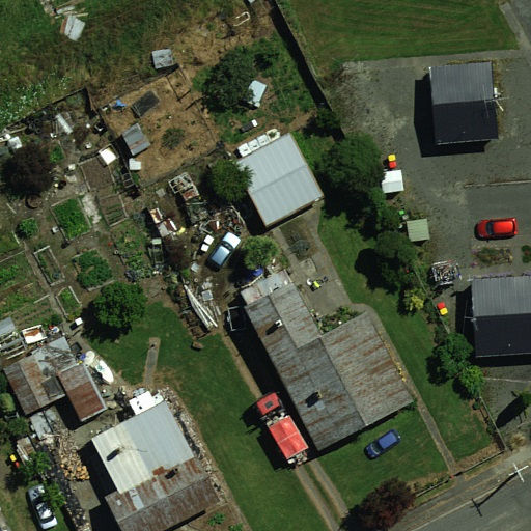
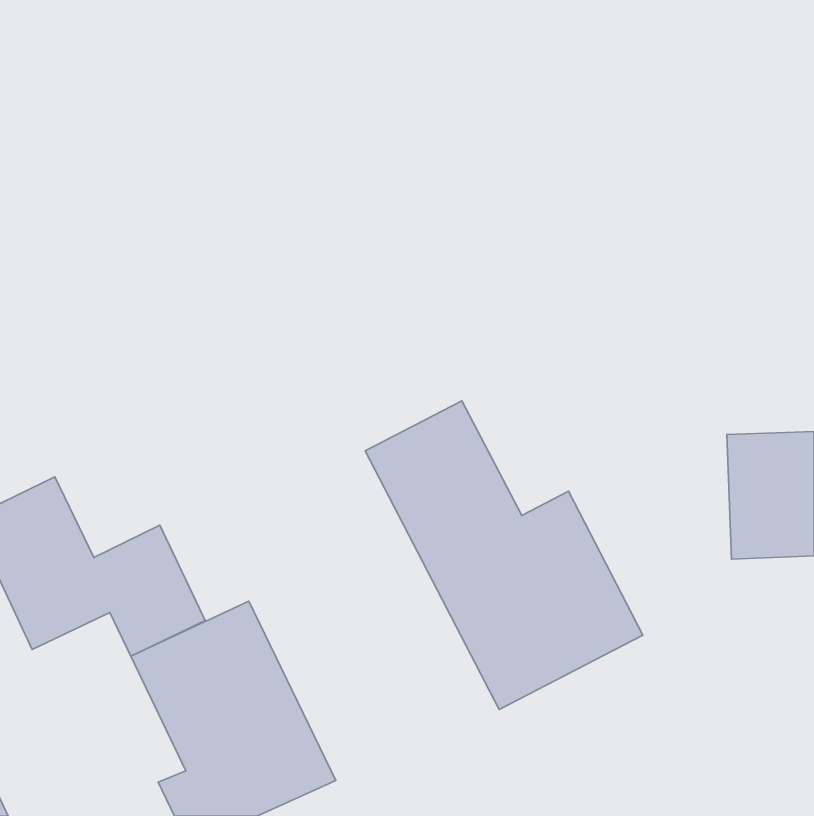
building: [430,66,499,147] -> none
building: [229,124,325,225] -> none

